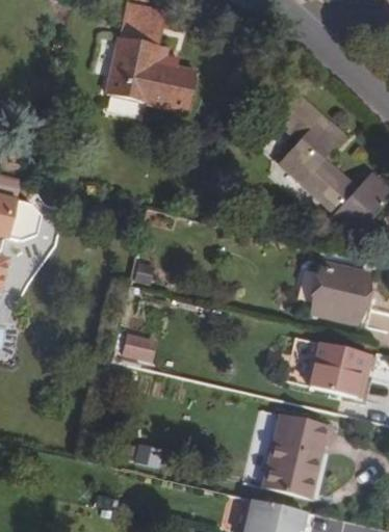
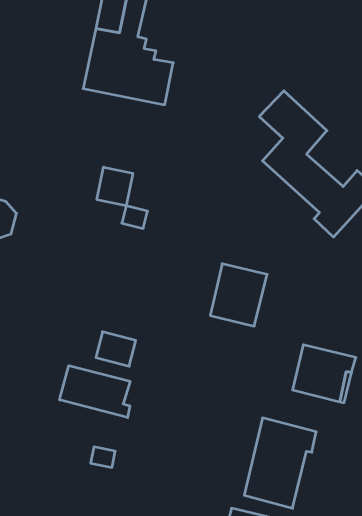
building: none -> [97,167,133,206]
building: [312,263,367,323] -> [210,264,267,326]
building: none -> [60,366,130,418]

